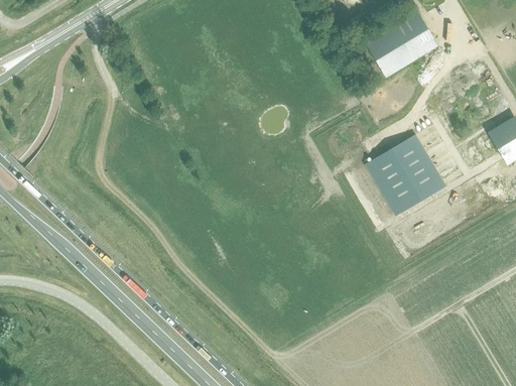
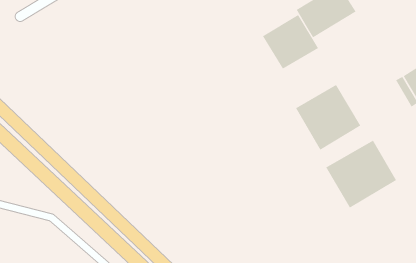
building: none -> [262,14,319,70]
building: none -> [326,140,397,208]

